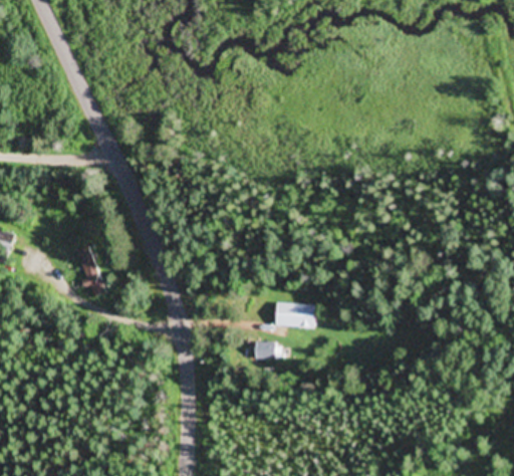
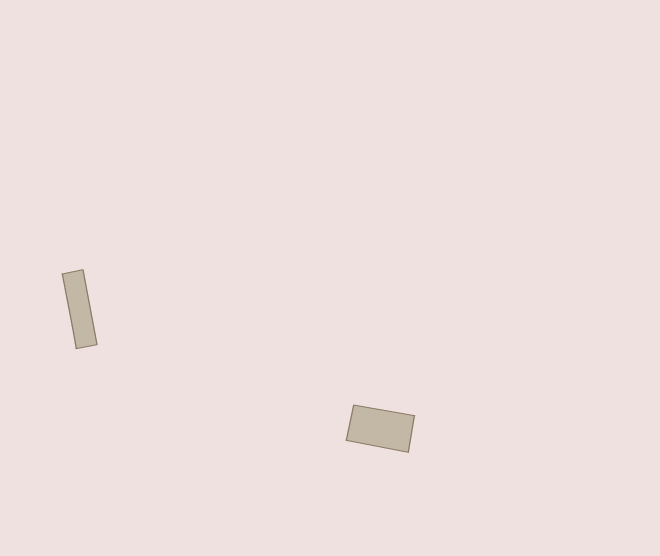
building: [252,342,277,359] -> none

